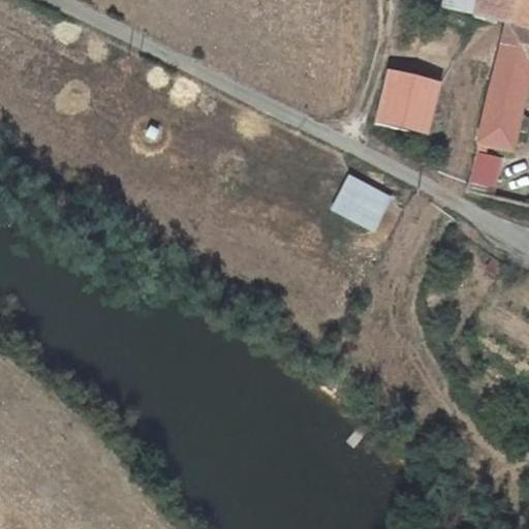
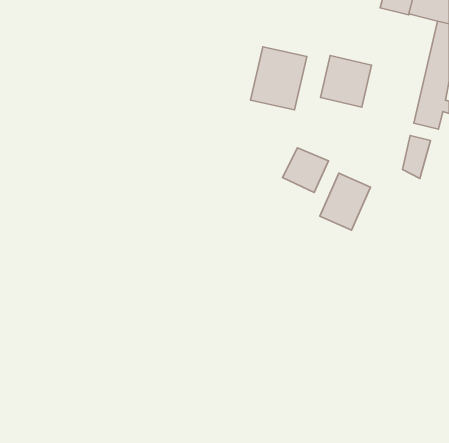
building: none -> [250,47,307,110]
building: none -> [320,173,371,230]

